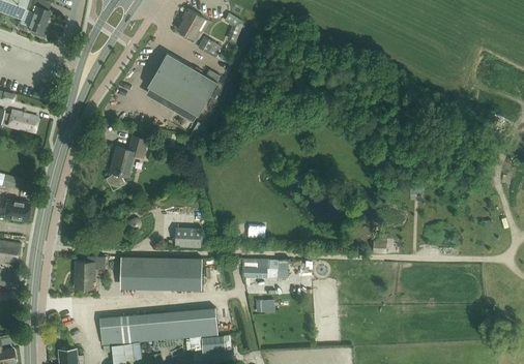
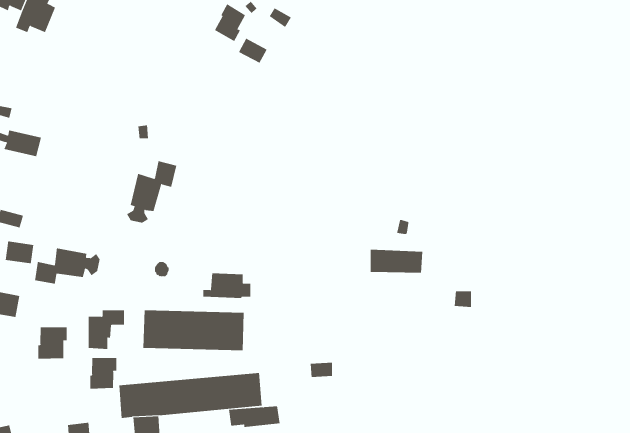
building: [146,53,216,121] -> none
building: none -> [35,248,100,285]
building: [243,259,287,278] -> [370,249,423,273]
building: none -> [38,326,67,360]
building: none -> [90,357,117,389]

